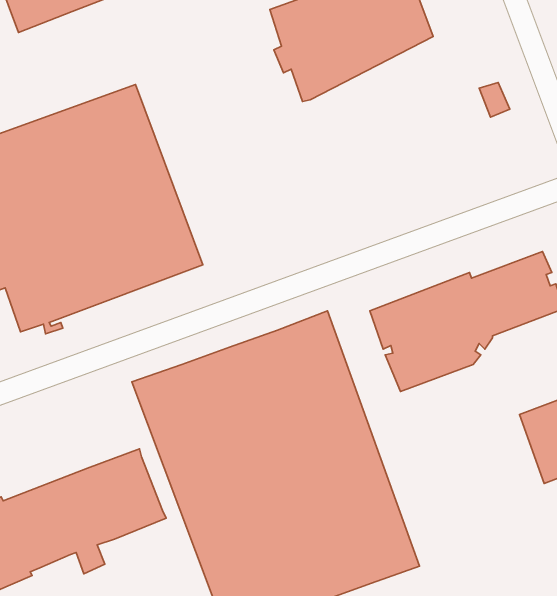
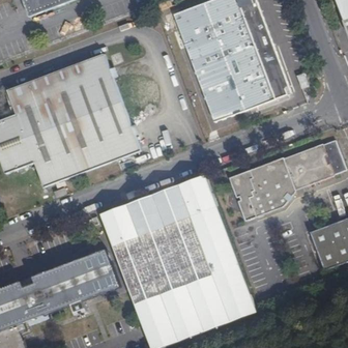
building: none -> [193,26,289,119]

